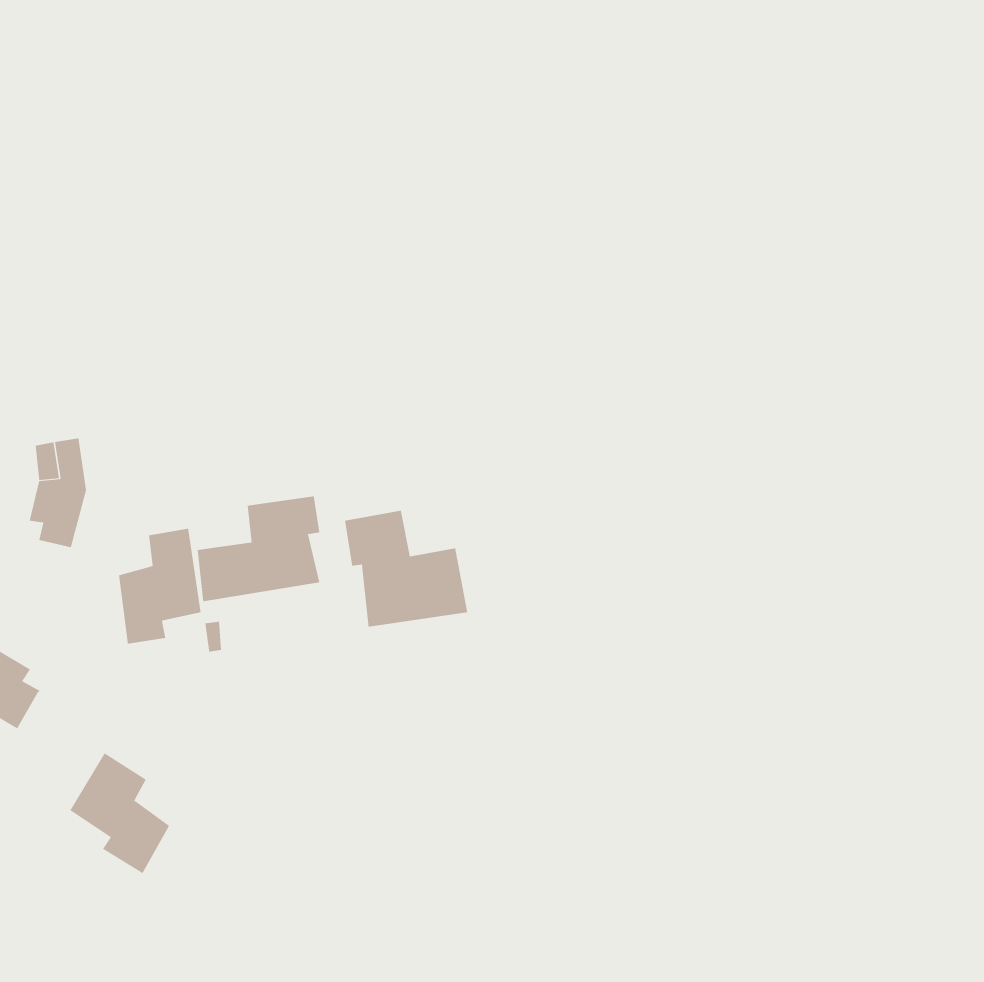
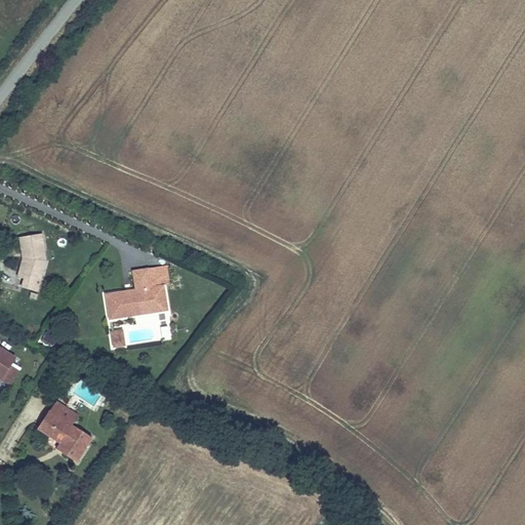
building: [344,510,468,628] -> none
building: [119,528,201,645] -> none

